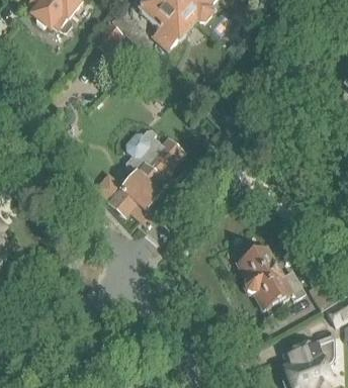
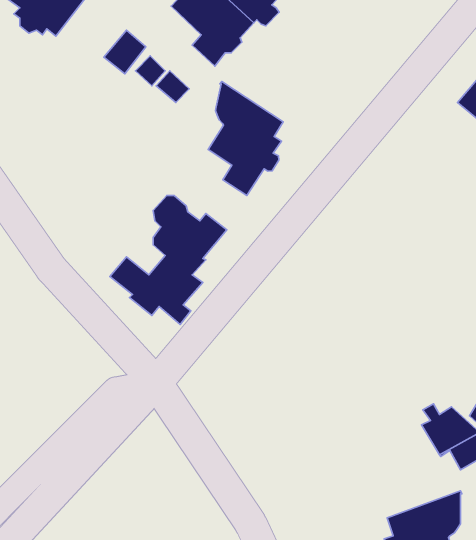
building: none -> [208,81,283,195]
building: [239,248,306,314] -> none

